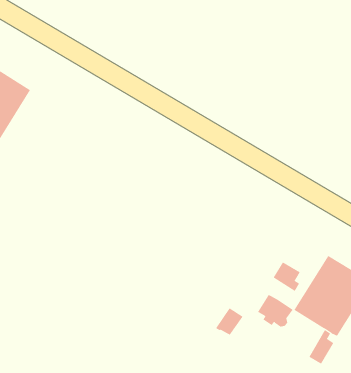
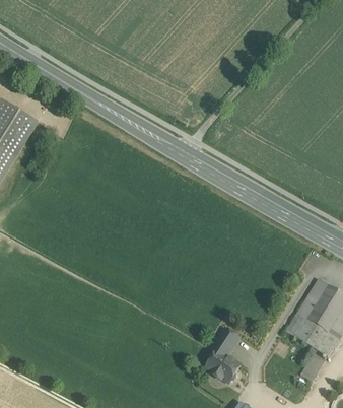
building: [273,261,300,292] -> none
building: [257,294,293,328] -> [206,349,241,382]

